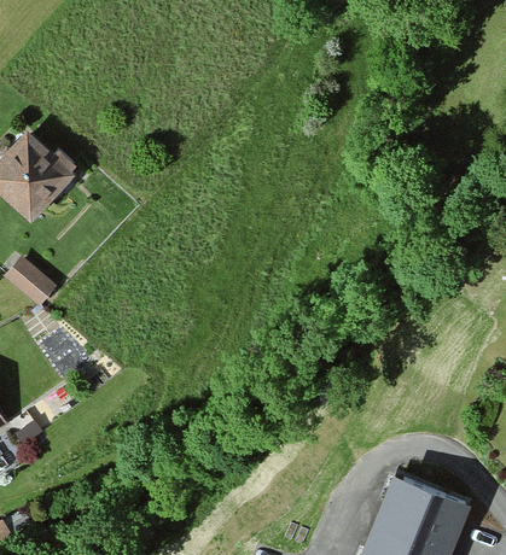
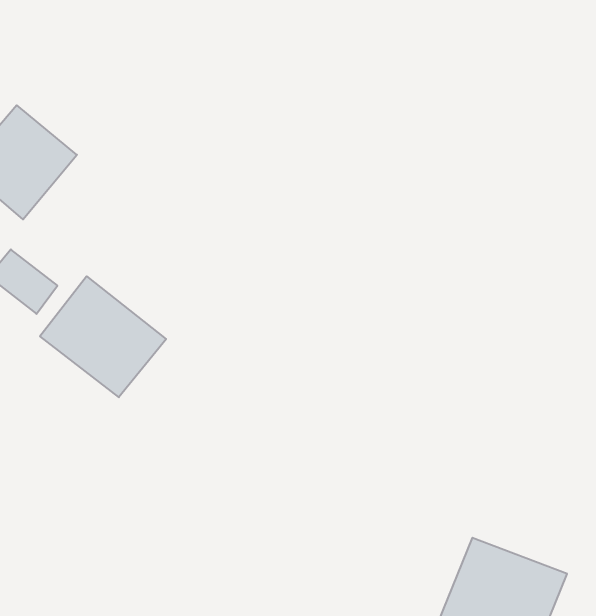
building: none -> [40,276,166,397]

